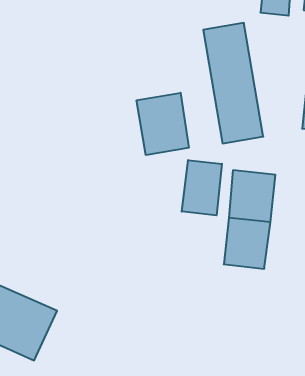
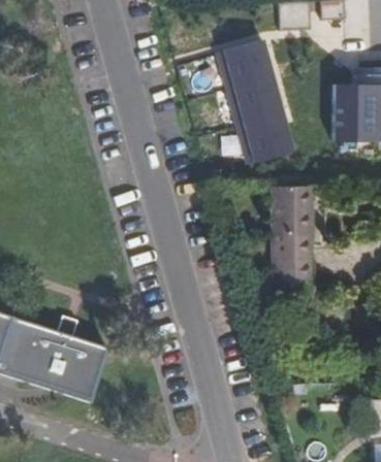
building: [137,93,189,155] -> none
building: [182,160,222,215] -> none

